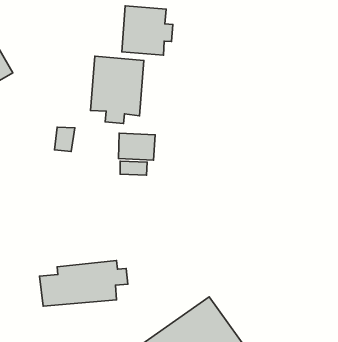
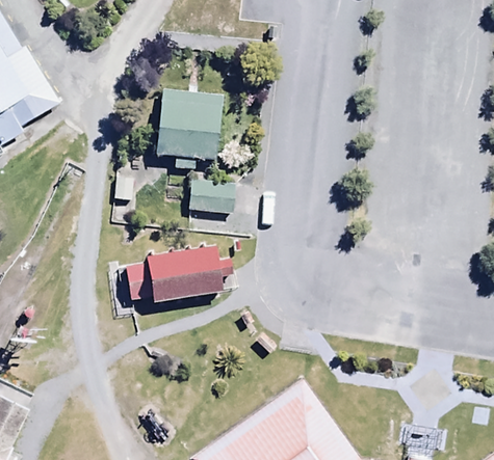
building: [122,6,173,55] -> none
building: [40,261,128,306] -> [125,248,230,302]

